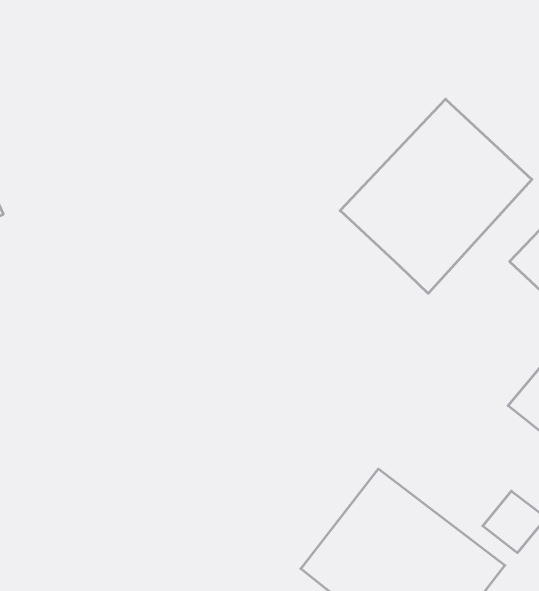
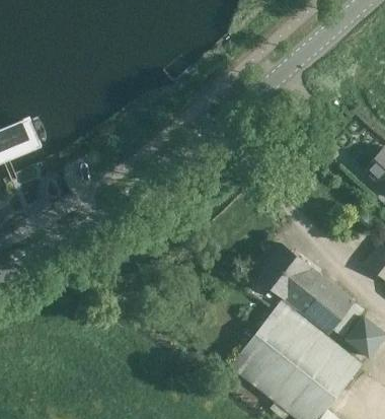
building: [340,99,532,293] -> none
building: none -> [256,243,355,334]

